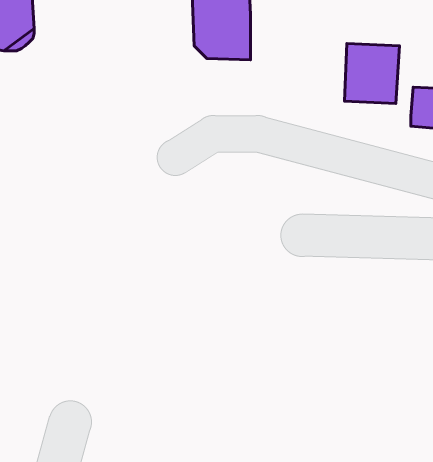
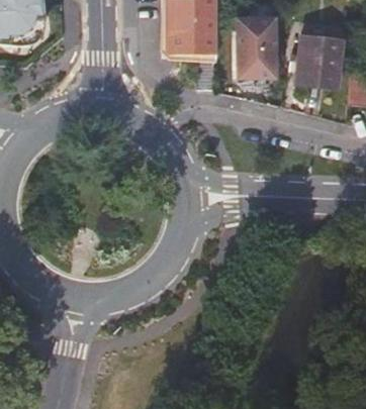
building: none -> [239,18,276,76]

